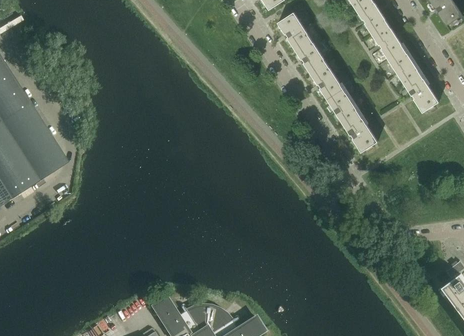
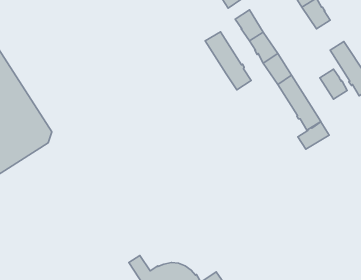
building: [372,24,404,59] -> [320,69,347,99]
building: none -> [205,32,251,90]
building: none -> [298,122,329,149]

